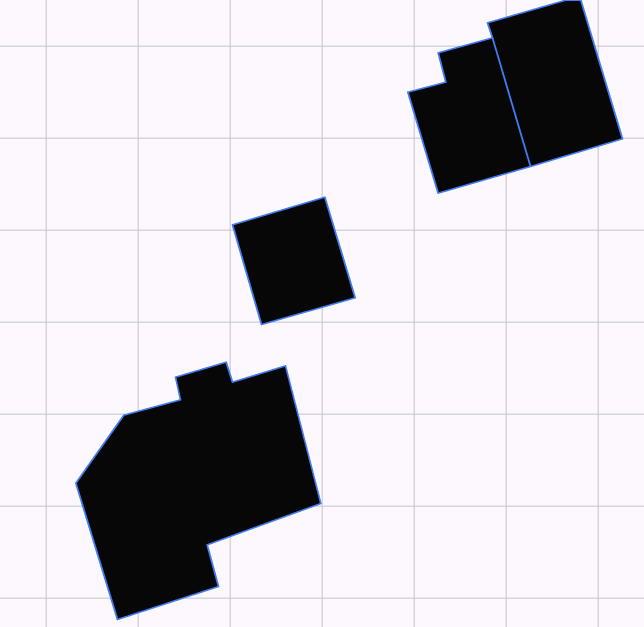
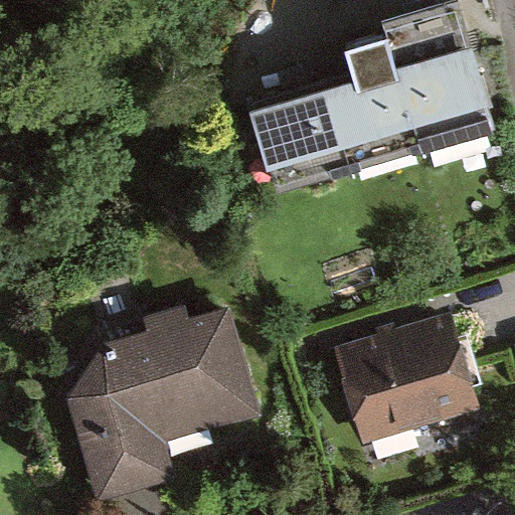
building: [233,197,355,324] -> [252,88,350,189]
building: none -> [333,308,479,446]

